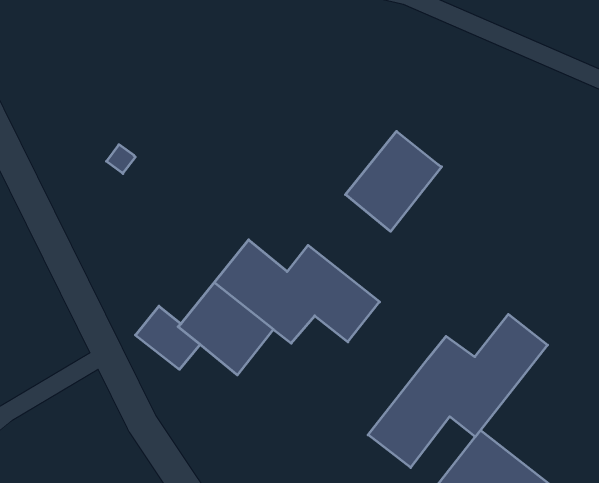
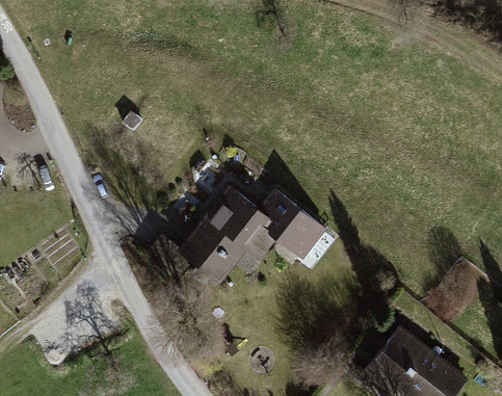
building: [345,131,442,231] -> none
building: [368,314,548,468] -> none

